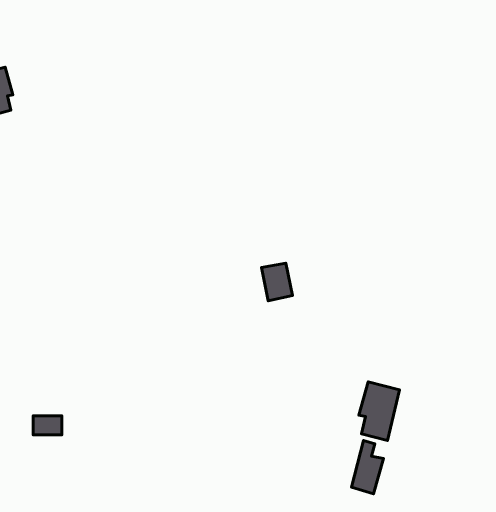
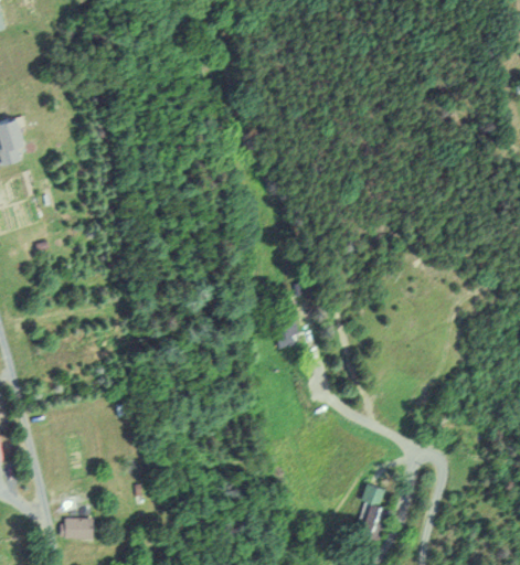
building: [359,382,399,441] -> none
building: [33,416,62,435] -> [63,520,92,539]

